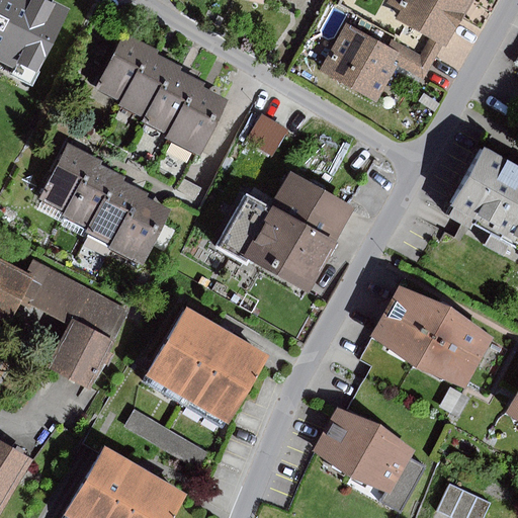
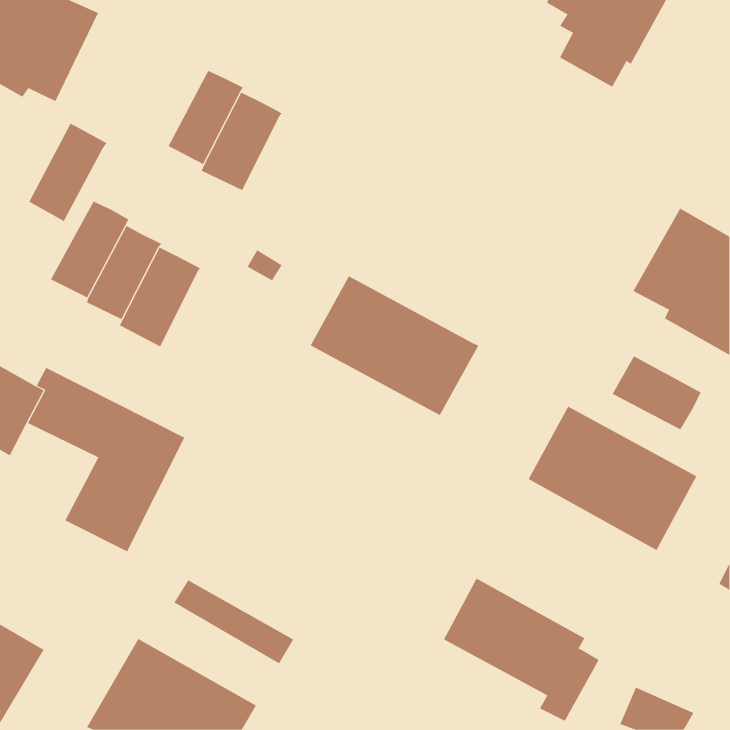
building: [317,20,432,101] -> none
building: [94,31,150,101] -> [28,123,107,222]
building: [169,83,229,153] -> none
building: [245,113,287,157] -> none
building: [271,171,354,242] -> none
building: [111,192,171,263] -> none
building: none -> [612,355,701,430]
building: [142,309,261,422] -> none

